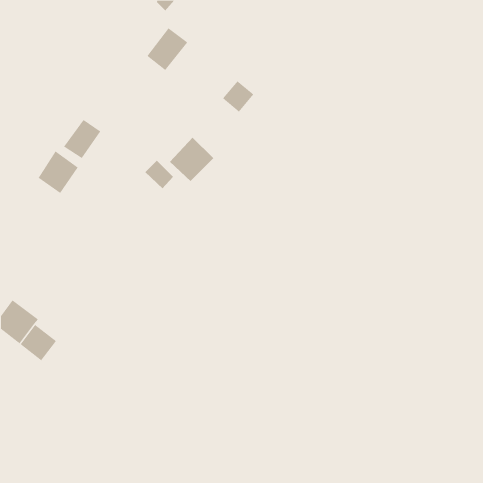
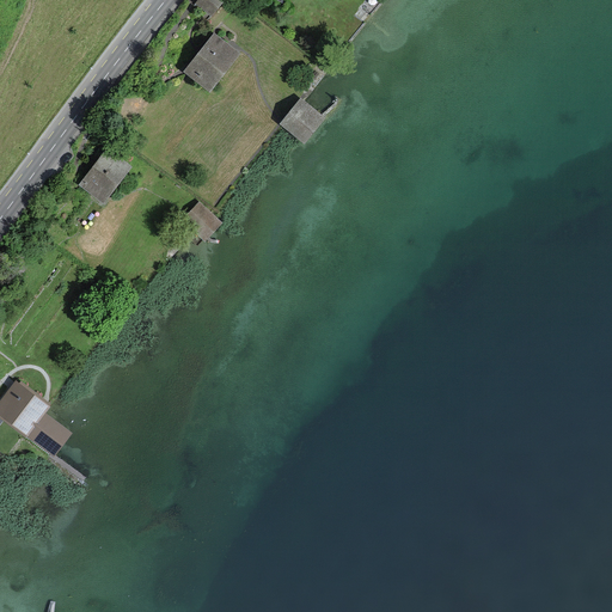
building: [169,137,214,182] -> none
building: [38,151,79,194] -> none

